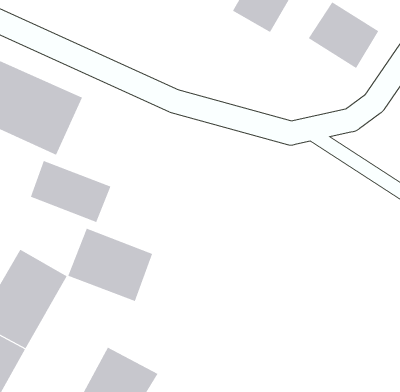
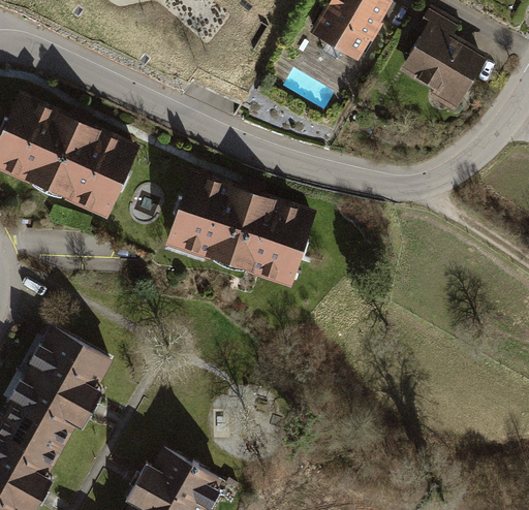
building: none -> [164,172,309,291]
building: [30,160,111,223] -> none
building: [67,228,153,302] -> none

